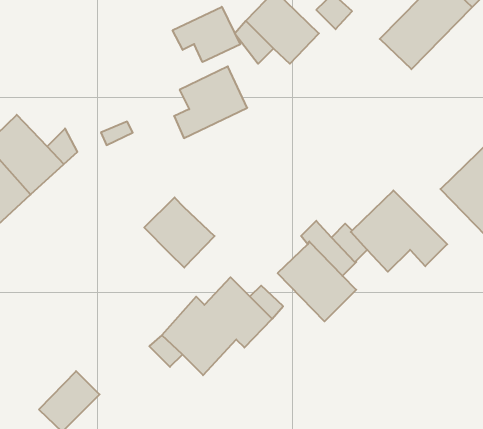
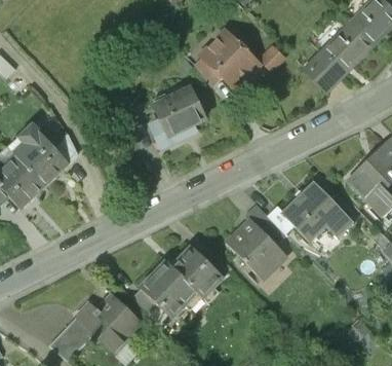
building: [173,7,240,62] -> none
building: [144,197,215,268] -> none
building: none -> [77,294,143,353]

